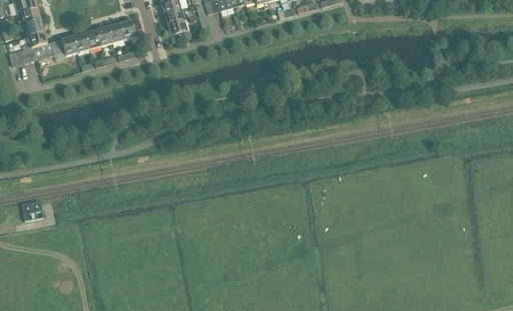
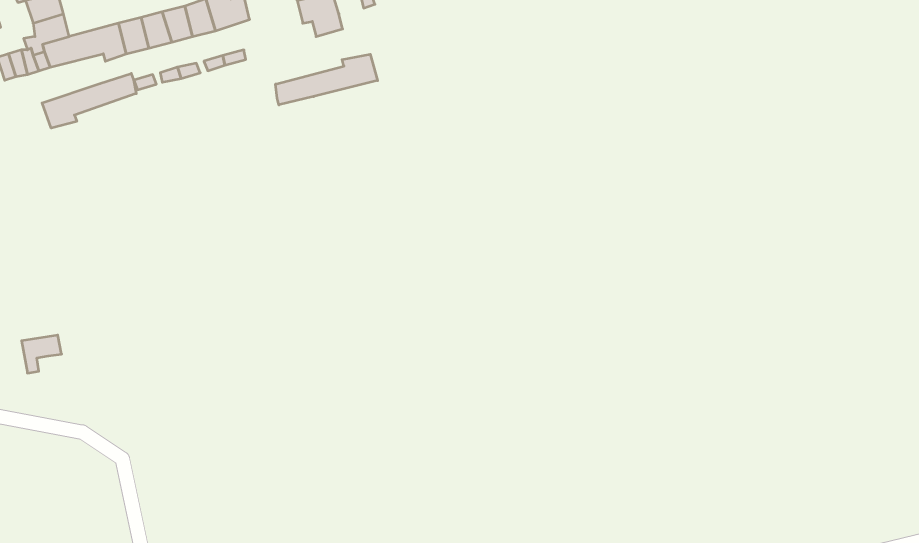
building: none -> [276,54,378,105]
building: none -> [42,73,136,128]

